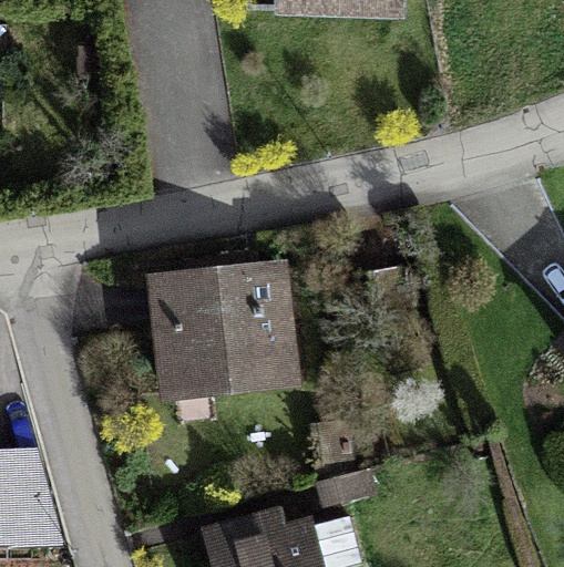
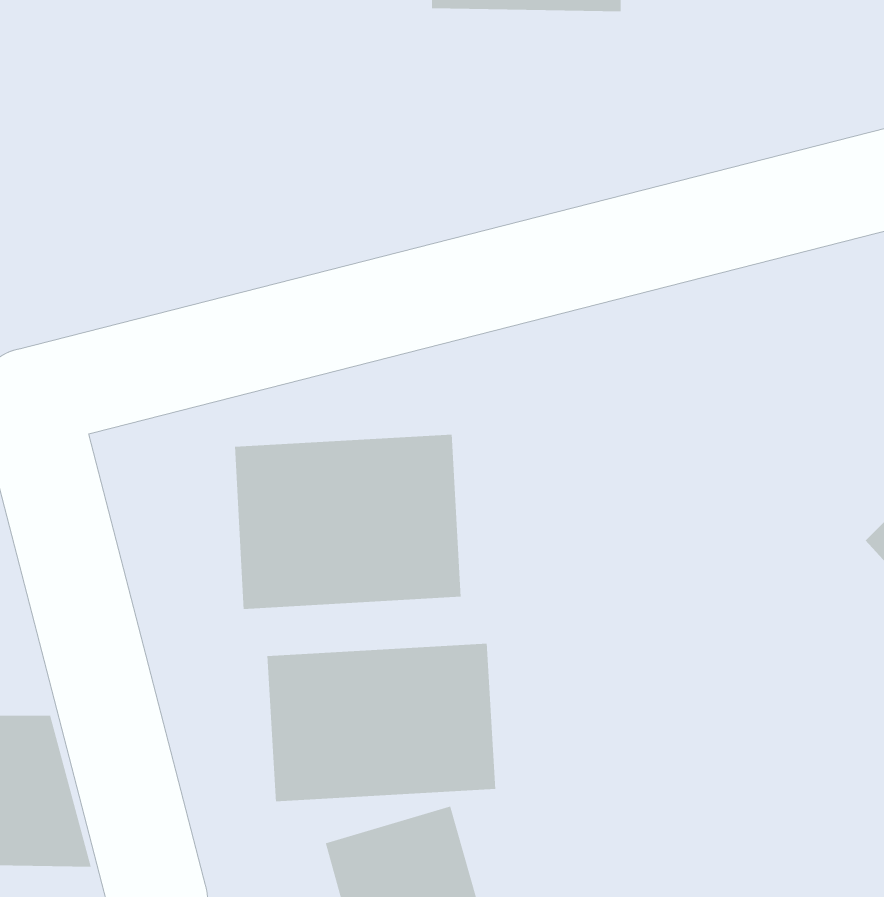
building: none -> [267,643,496,802]

